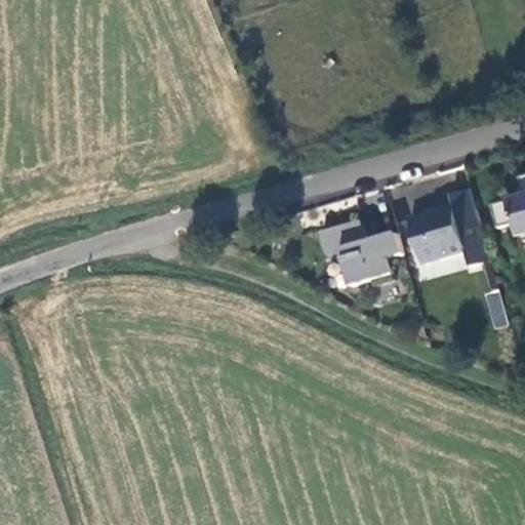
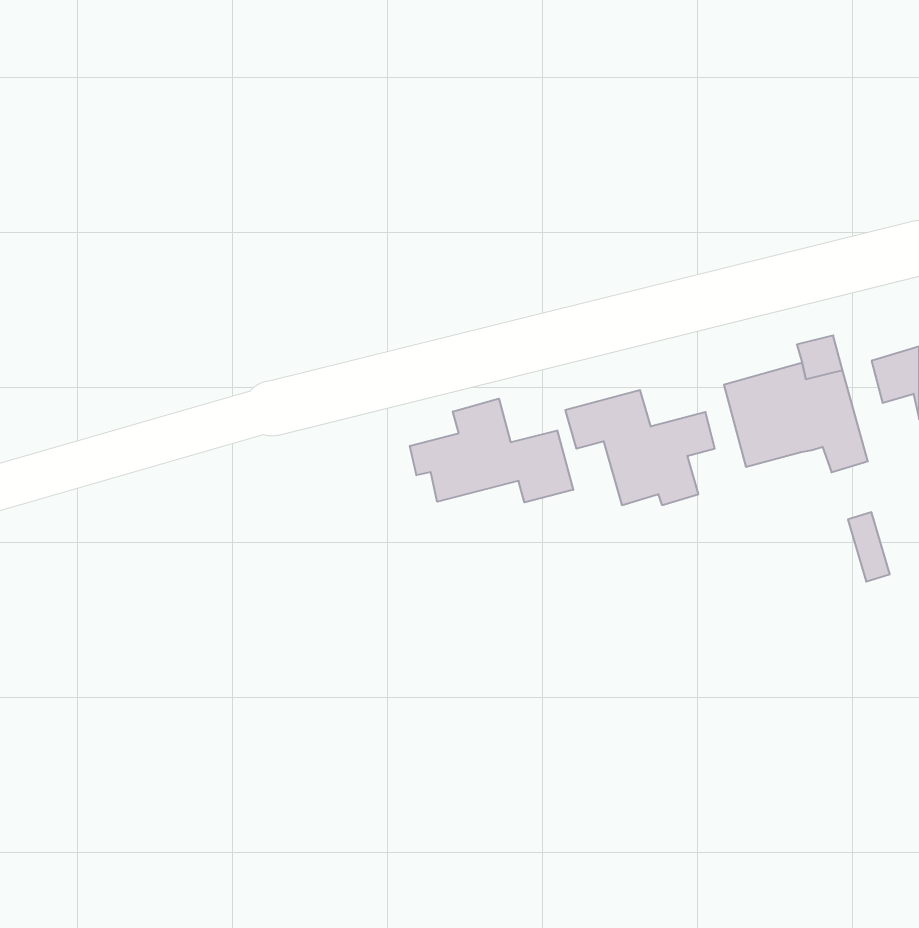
building: none -> [410,399,573,502]

